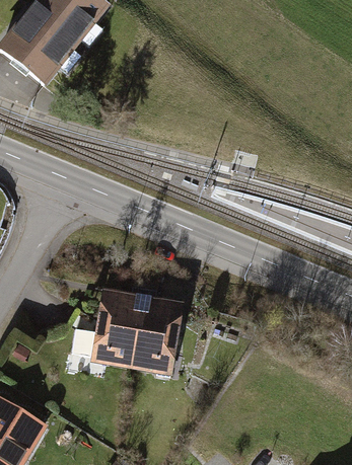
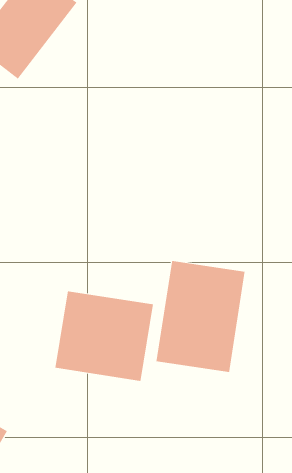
building: none -> [156,260,245,373]

